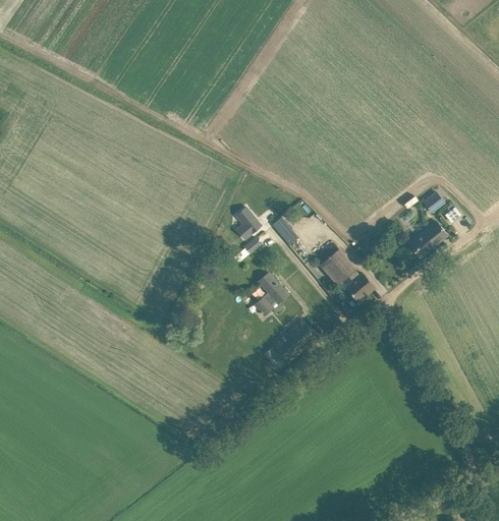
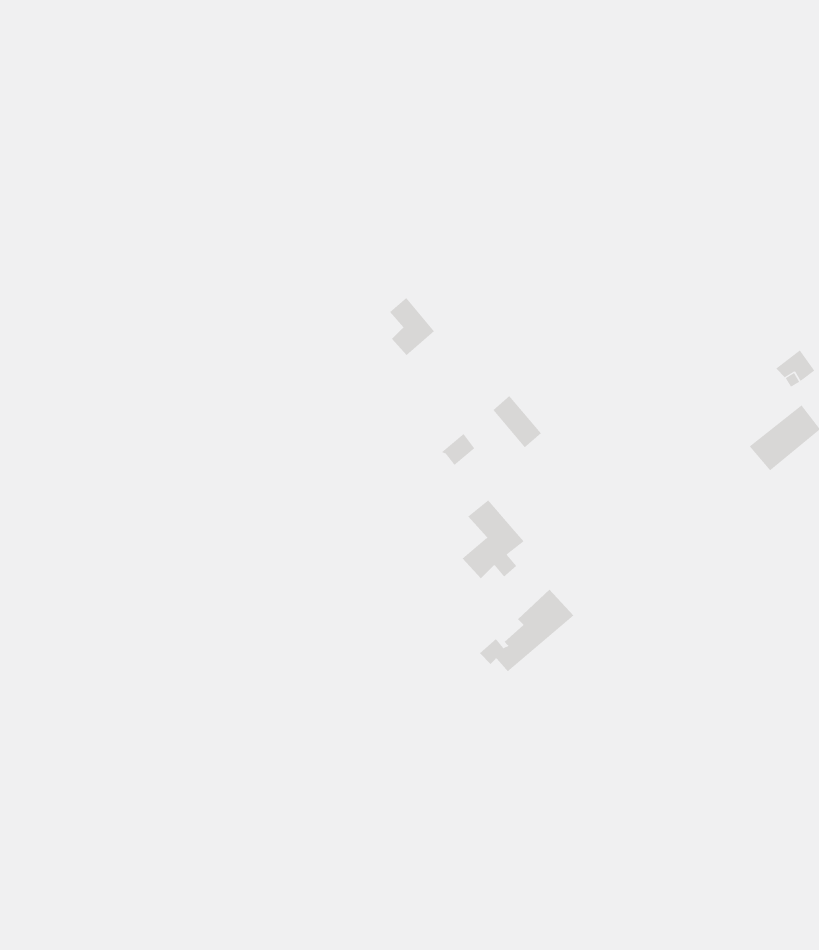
building: [236,208,261,239] -> [389,297,435,356]
building: [320,249,375,300] -> none

